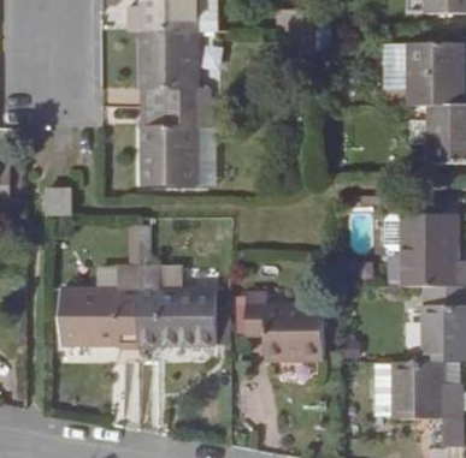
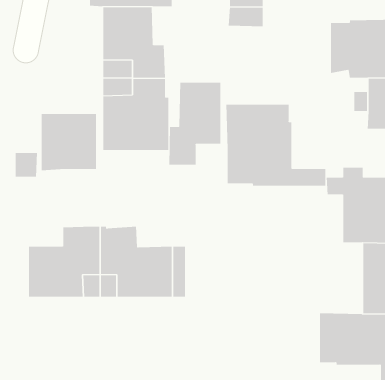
building: none -> [169,82,221,166]
building: none -> [226,104,326,187]
building: none -> [41,113,97,171]
building: [237,291,324,358] -> none

